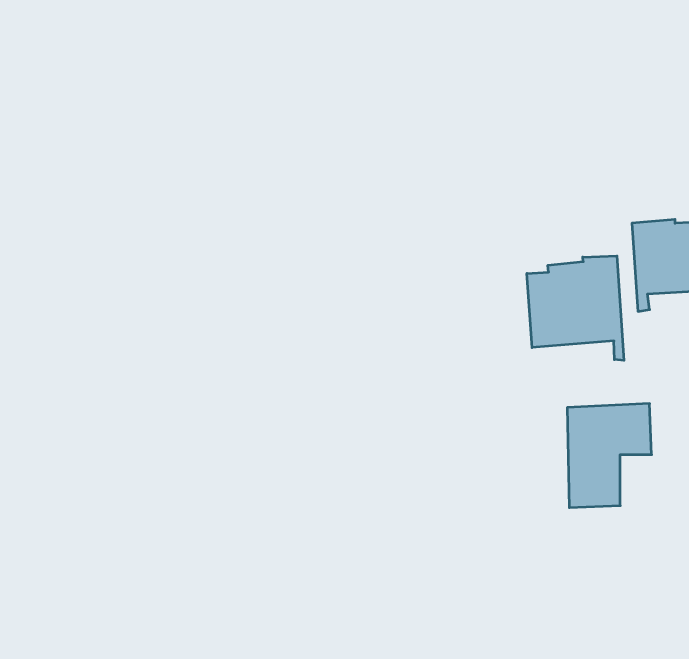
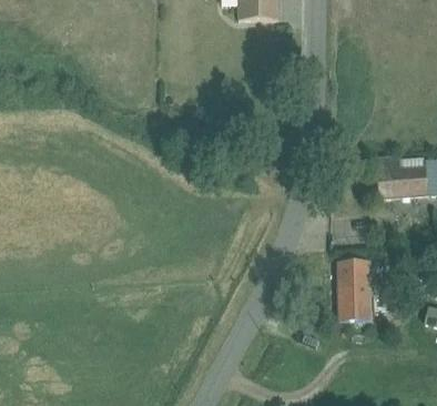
building: [527,256,624,360] -> none

